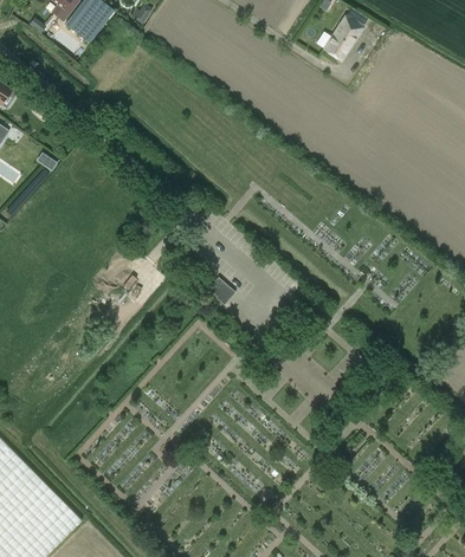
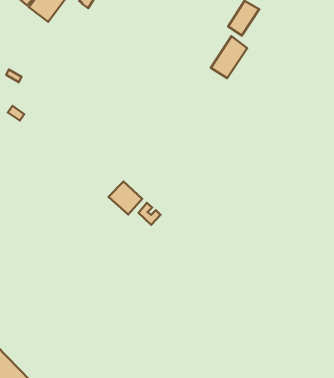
building: none -> [211,36,247,78]
building: none -> [109,182,142,214]

